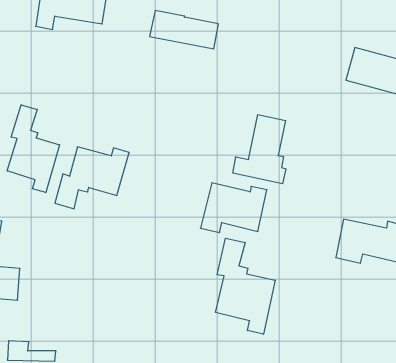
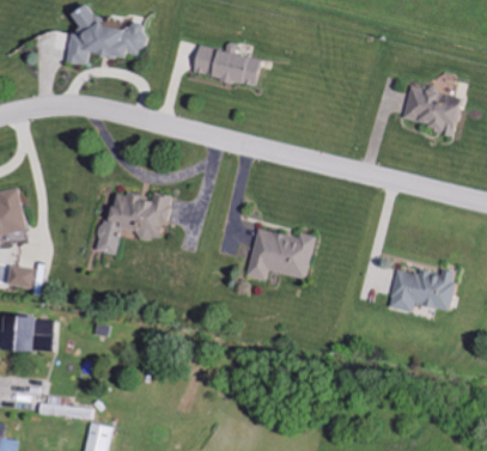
building: [7,105,60,193] -> none
building: [233,115,286,184] -> none
building: [216,238,275,334] -> none

